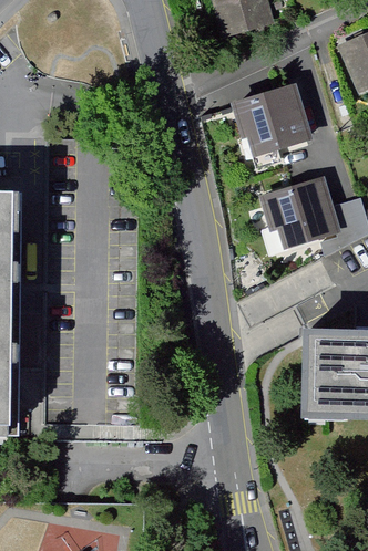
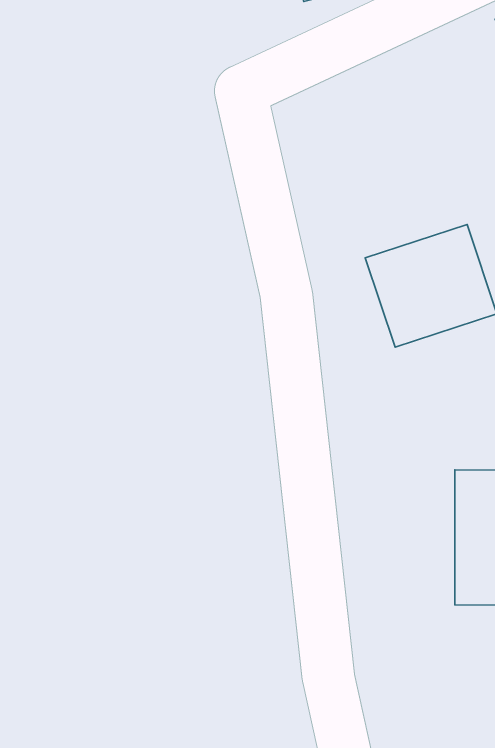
building: [224,85,310,160] -> none

